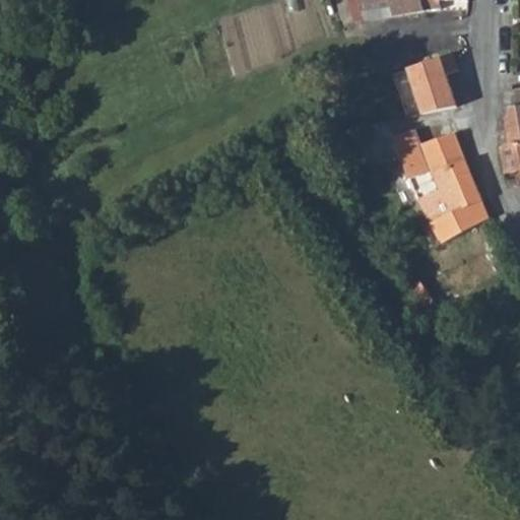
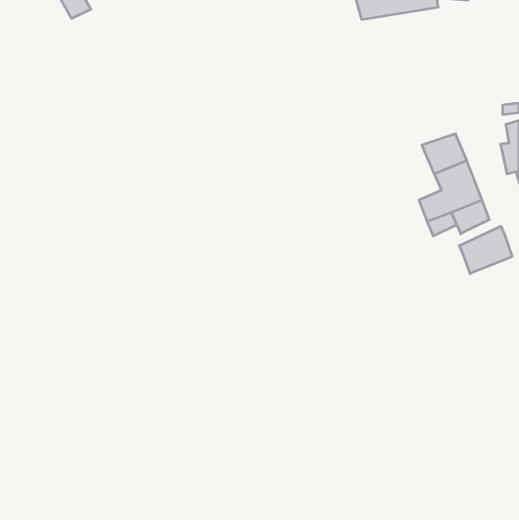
building: [405,51,456,112] -> none
building: [390,129,422,172] -> none
building: none -> [459,226,512,274]

